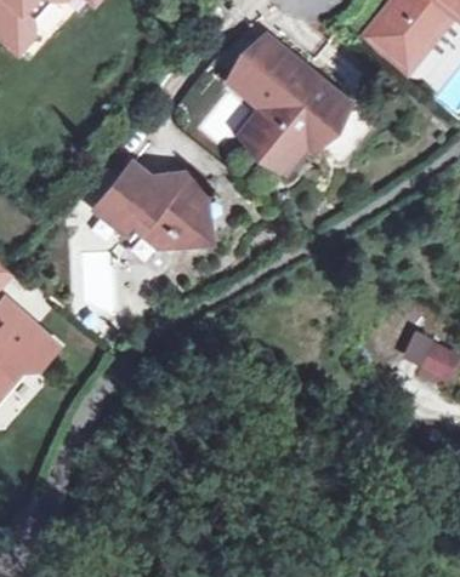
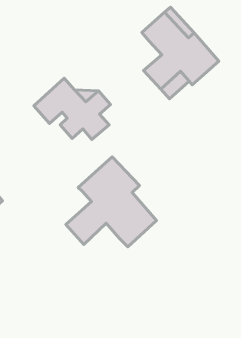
building: none -> [66,157,157,247]

